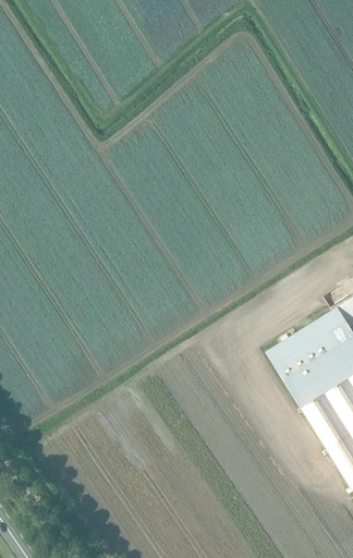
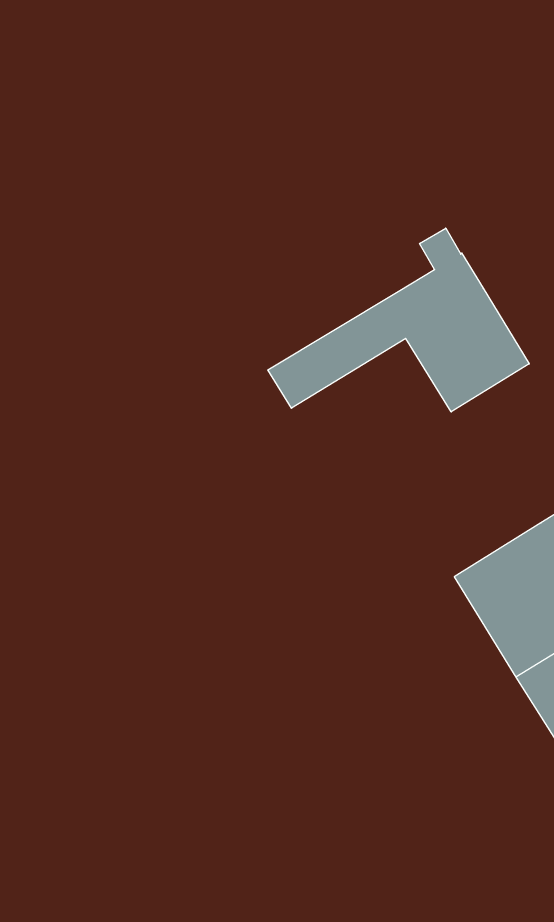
building: none -> [268,228,529,412]

